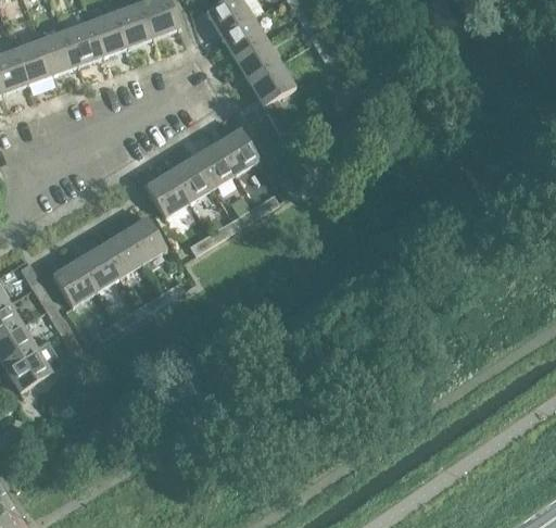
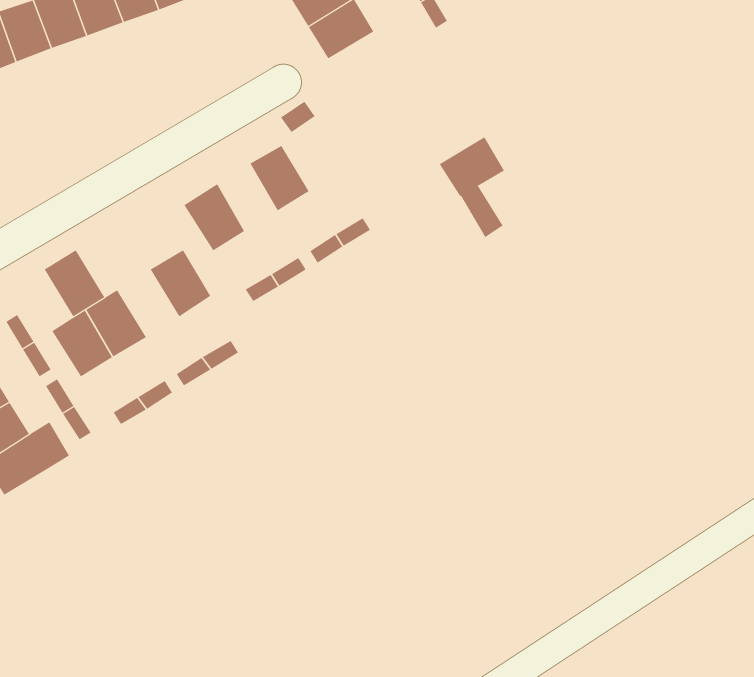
building: [248,62,294,134] -> [439,137,505,238]
building: [215,127,258,175] -> none
building: [169,155,212,203] -> none
building: [99,230,142,278] -> [44,250,105,317]

